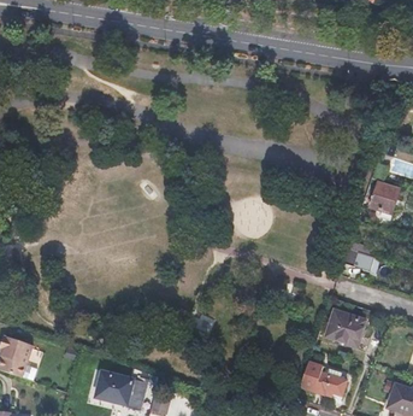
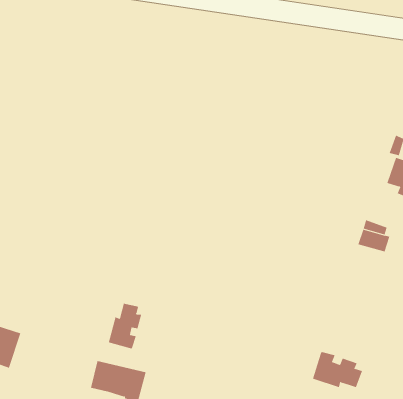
building: [324,310,365,345] -> none
building: none -> [108,303,142,349]

